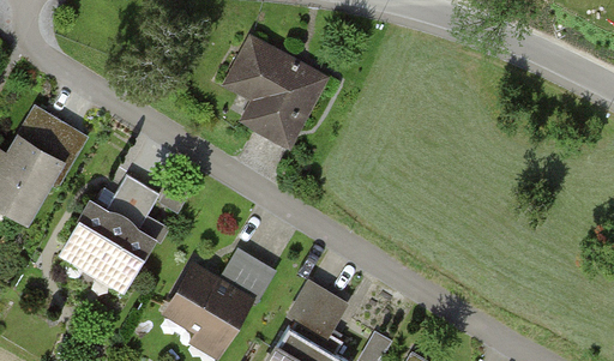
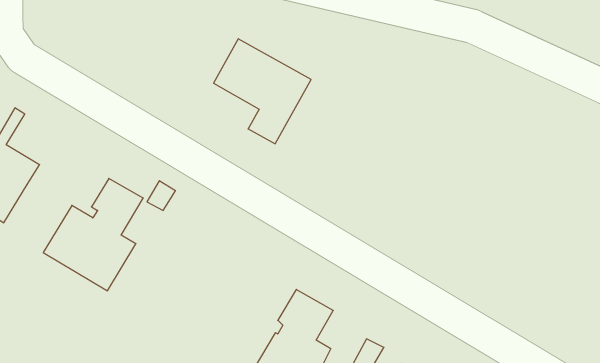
building: [26,115,85,189] -> none
building: [167,253,272,345] -> none

